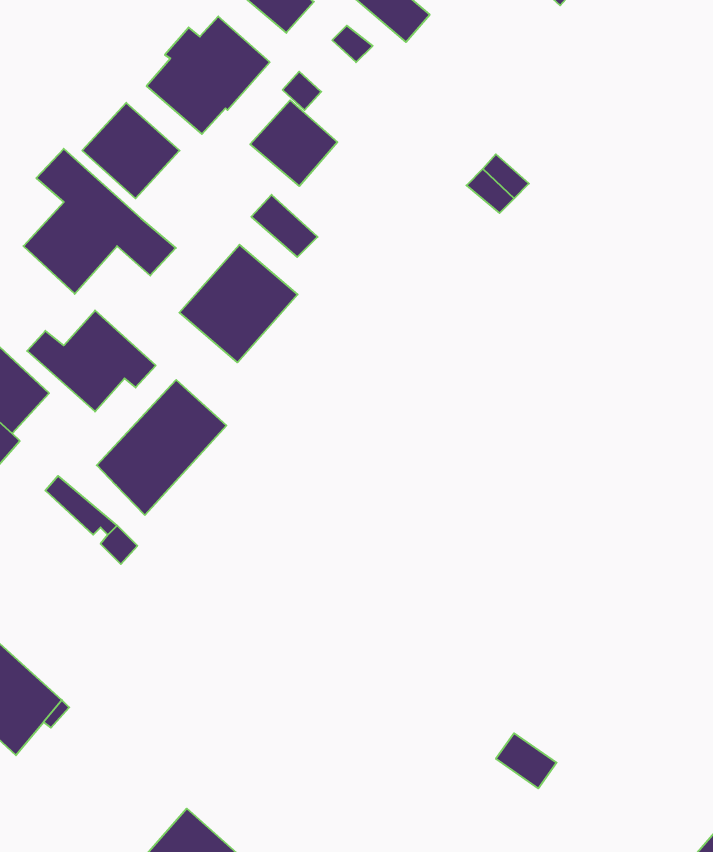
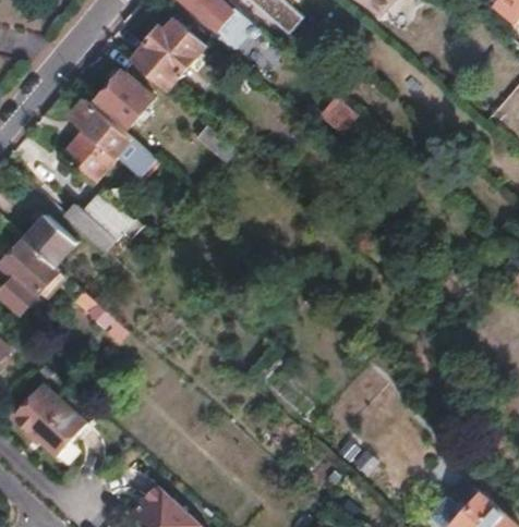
building: [250,100,337,186] -> none
building: [179,245,298,362] -> none
building: [97,380,226,515] -> none

